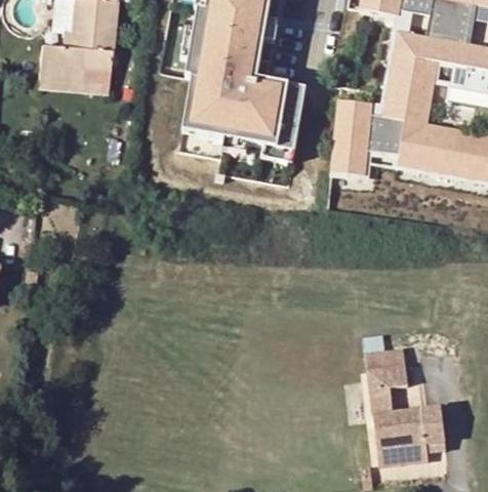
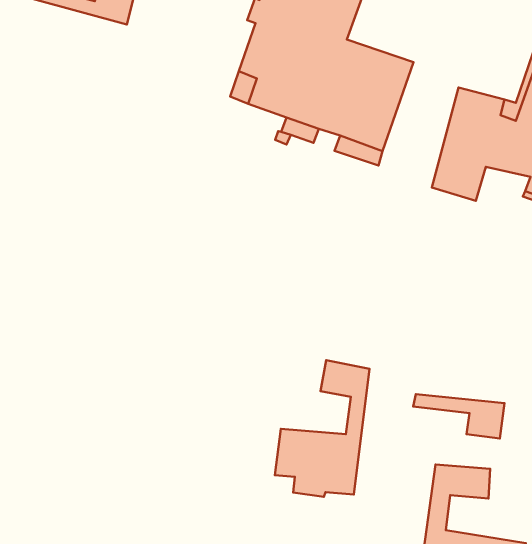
building: none -> [275,360,369,497]
building: none -> [413,394,504,438]

